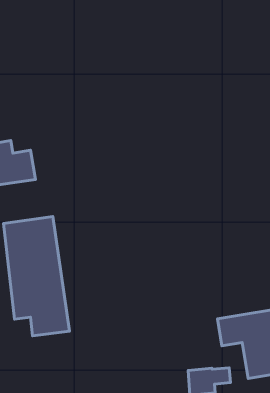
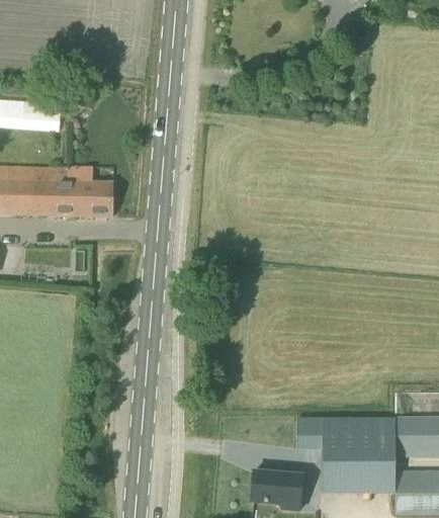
building: [3,217,69,336] -> none

